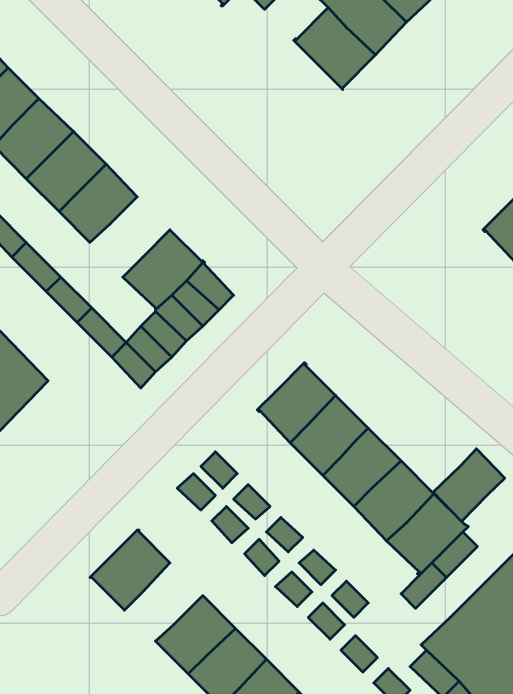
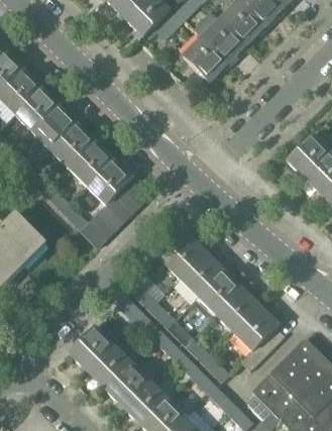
building: none -> [69,142,113,187]
building: [433,449,505,521] -> none
building: none -> [88,345,131,389]

